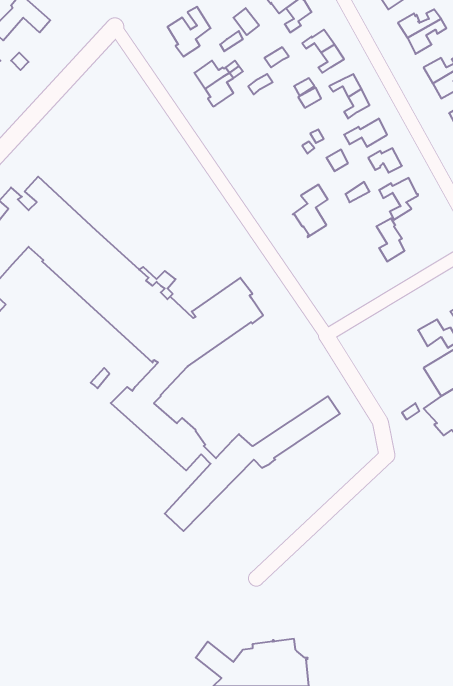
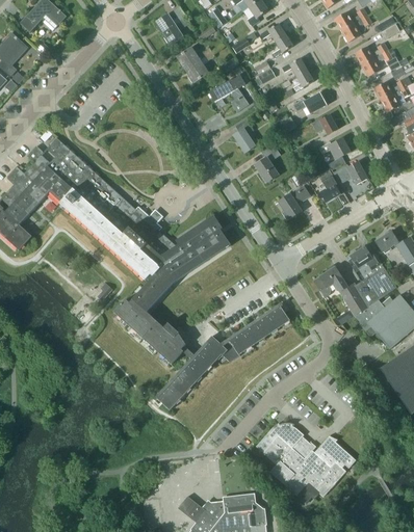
building: none -> [209,74,250,112]
building: none -> [233,119,256,153]
building: none -> [335,162,368,184]
building: none -> [278,186,310,220]
building: none -> [313,266,368,316]
building: none -> [256,423,356,503]

